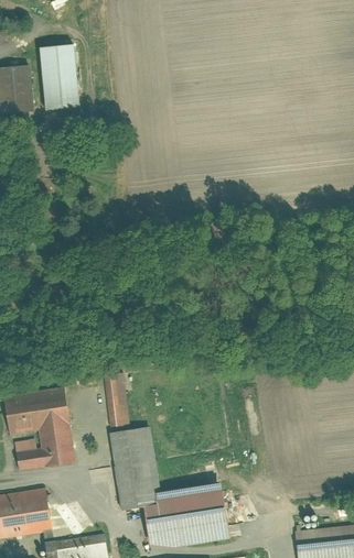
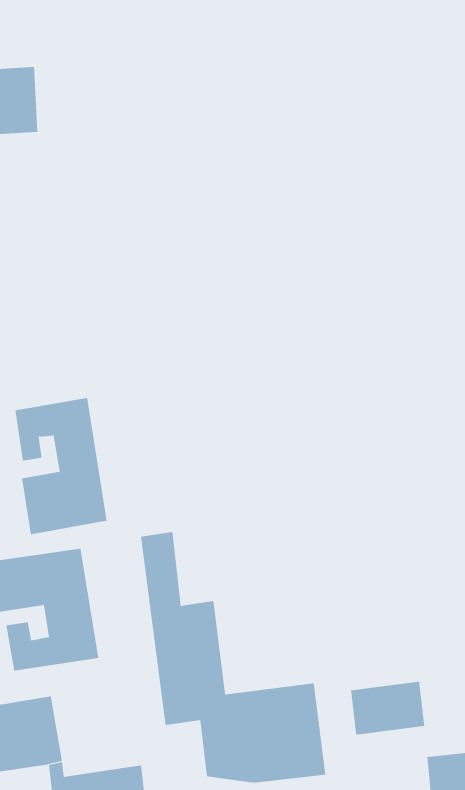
building: [40,45,82,113] -> none
building: none -> [15,397,107,535]
building: none -> [350,681,425,735]

